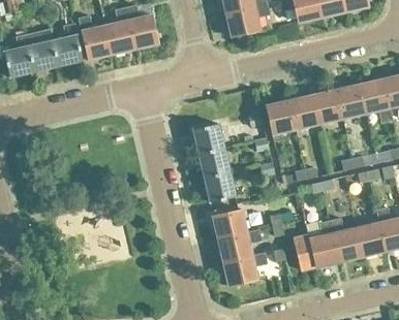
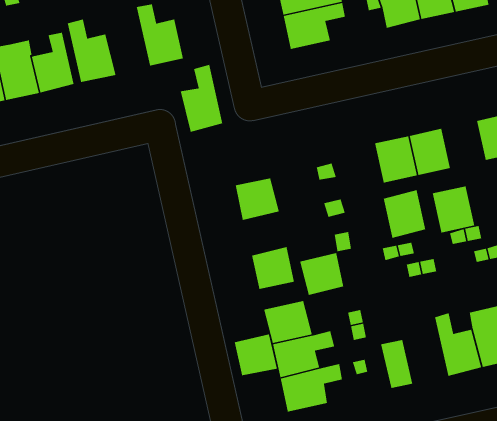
building: [103,6,133,54] -> [180,64,223,133]
building: [335,85,365,118] -> [432,185,475,233]
building: [265,100,295,134] -> [383,189,426,239]
building: [197,148,228,178] -> [299,252,344,296]
building: [308,220,339,266] -> none
building: none -> [234,334,278,376]

